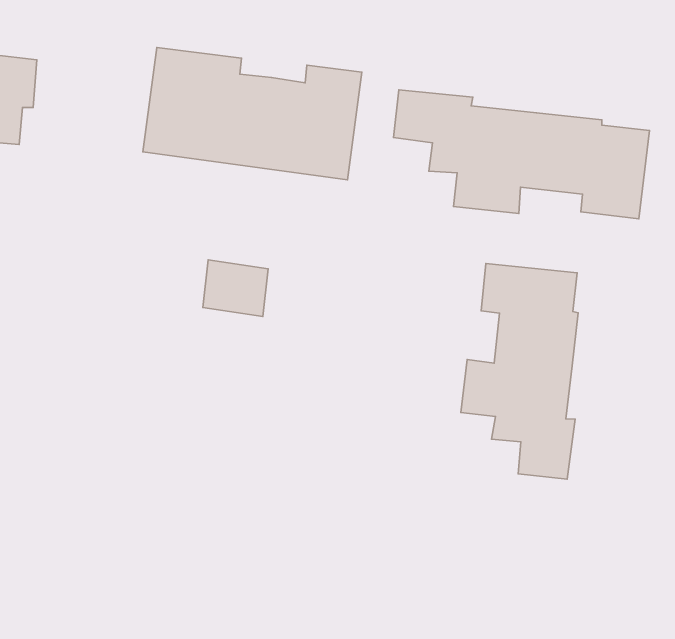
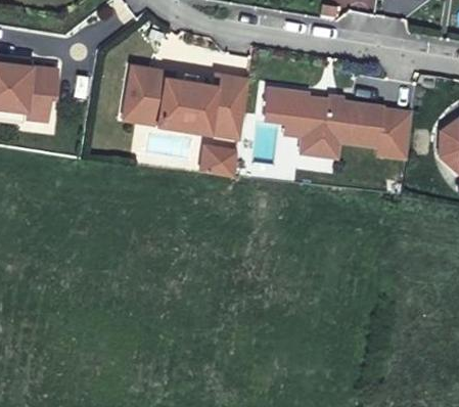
building: [203,260,268,316] -> [200,144,238,177]
building: [461,263,578,479] -> none

